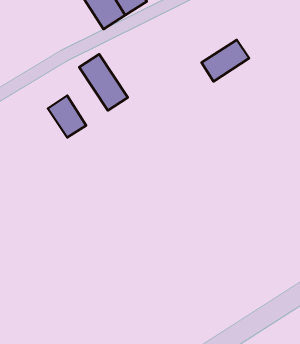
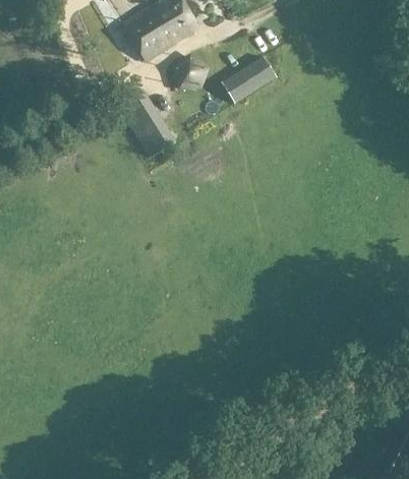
building: [201,40,249,81] -> [223,55,279,104]
building: [48,96,86,137] -> none

